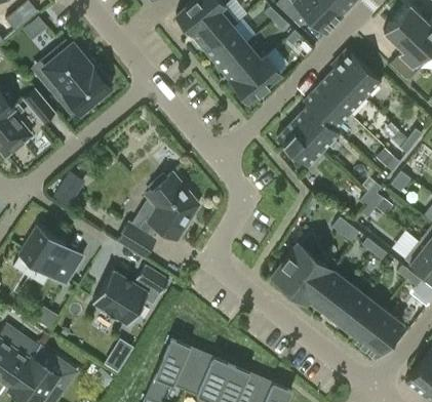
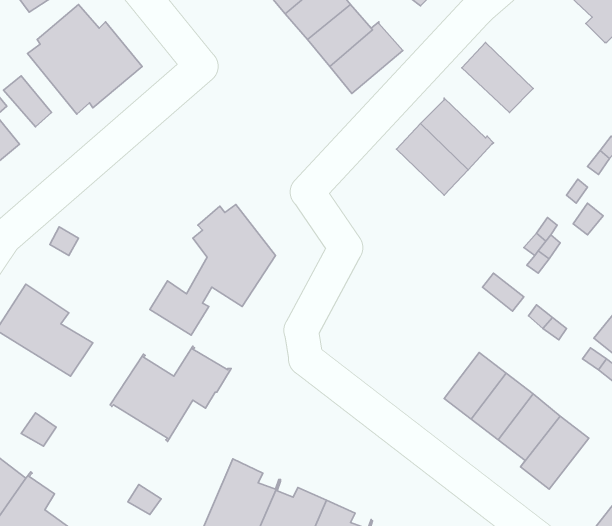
building: [333,52,380,98] -> none
building: [303,85,349,130] -> none
building: [270,243,329,303] -> none

